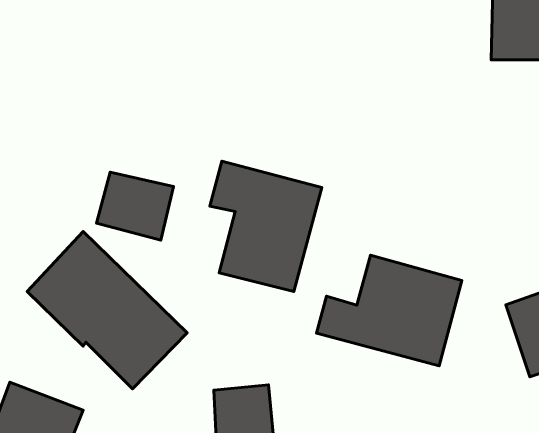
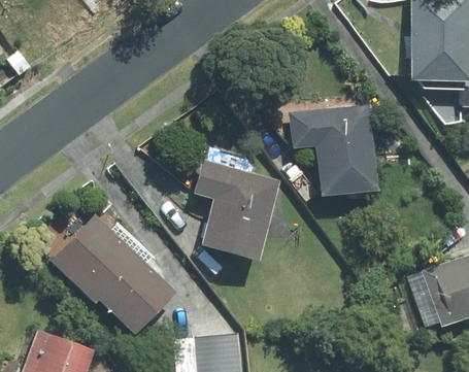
building: none -> [291,104,377,200]
building: [97,172,173,240] -> none
building: [316,255,462,366] -> none

